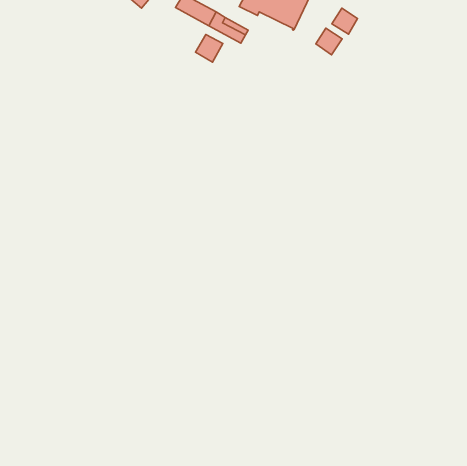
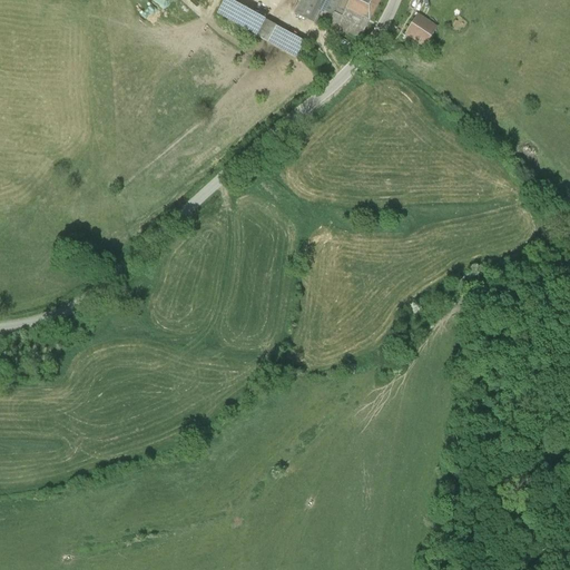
building: [316,28,342,55] -> none
building: [195,34,223,62] -> none

